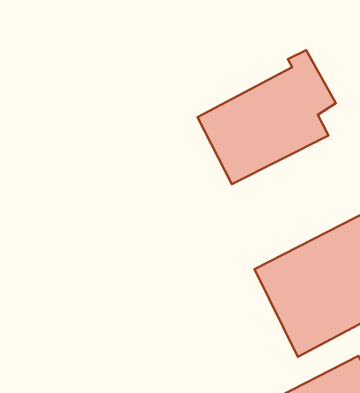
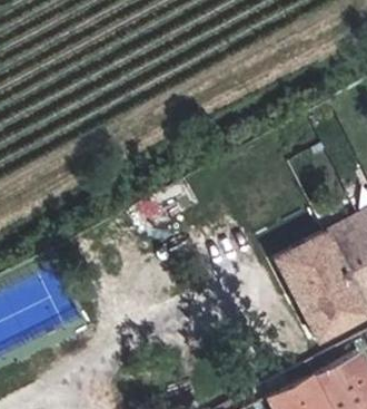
building: [198,50,336,184] -> none

